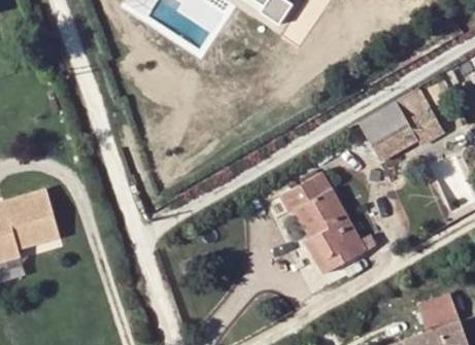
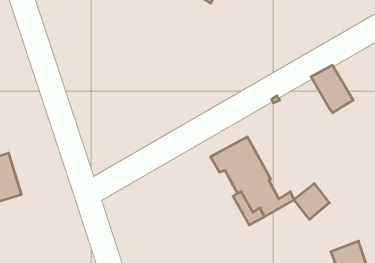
building: [359,102,416,160] -> none
building: none -> [294,183,329,219]

